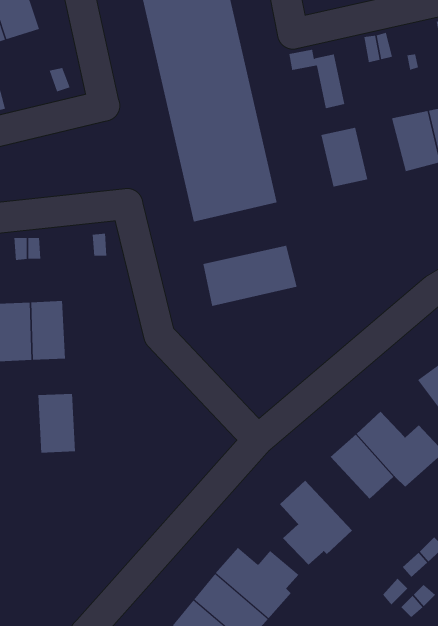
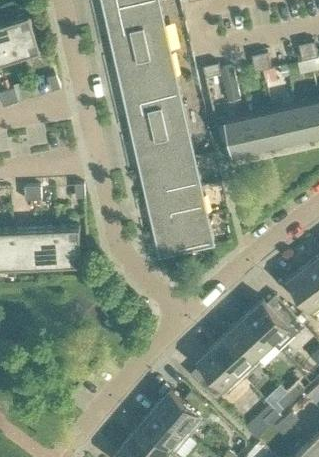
building: none -> [246,111,278,151]
building: none -> [140,166,201,206]
building: none -> [152,221,214,261]
building: [38,393,76,453] -> [55,229,80,268]
building: none -> [213,332,261,380]

